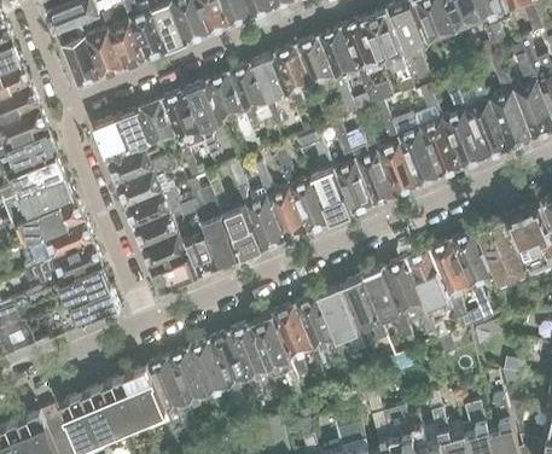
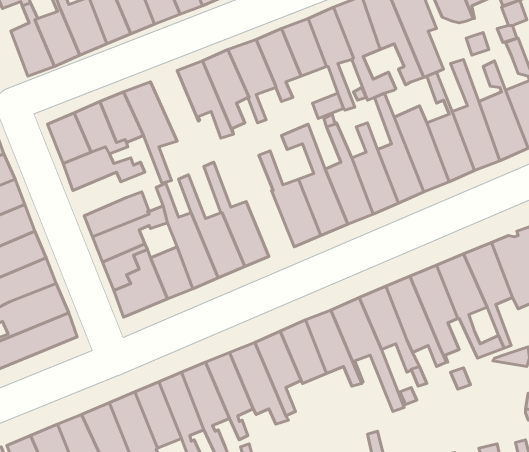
building: [182,82,223,158] -> none
building: [255,164,306,241] -> none
building: [116,169,175,206] -> none

